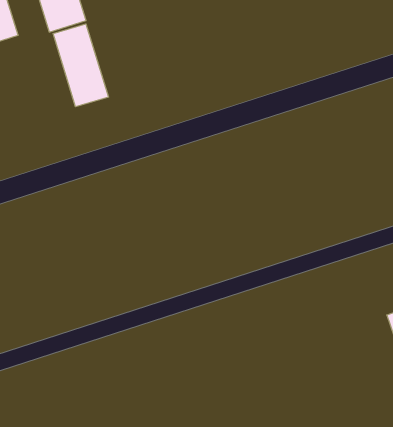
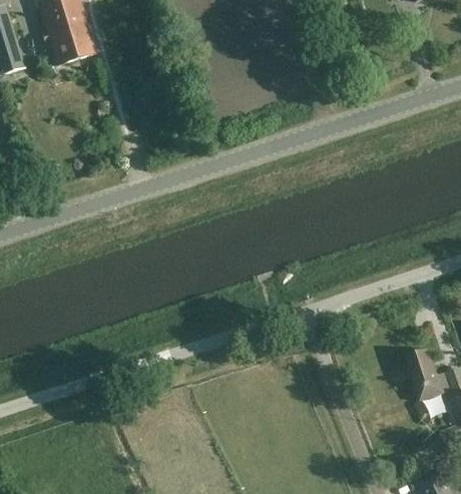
building: [53,24,108,107] -> none

